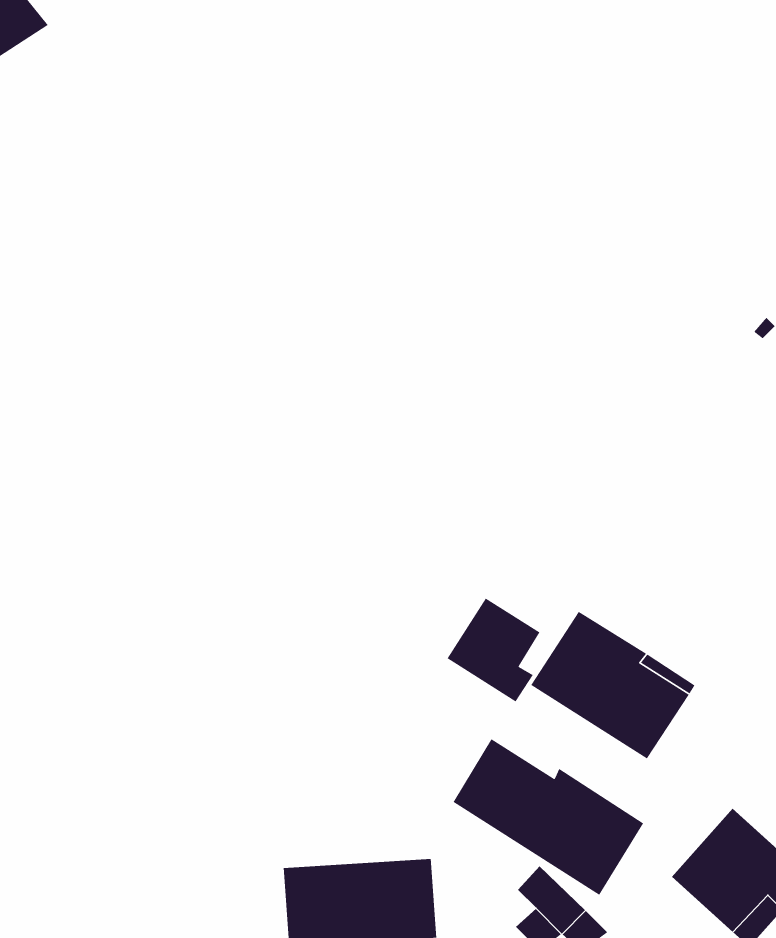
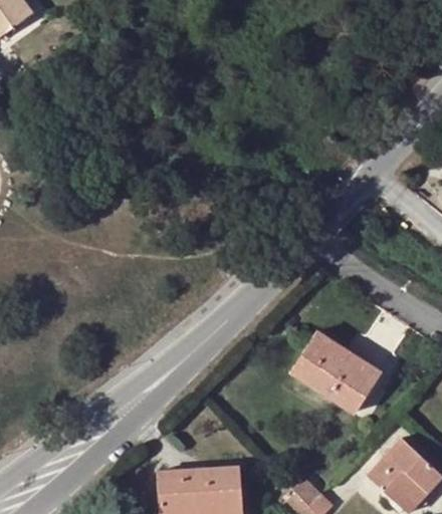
building: [446,598,540,702] -> none
building: [452,738,644,896] -> none

